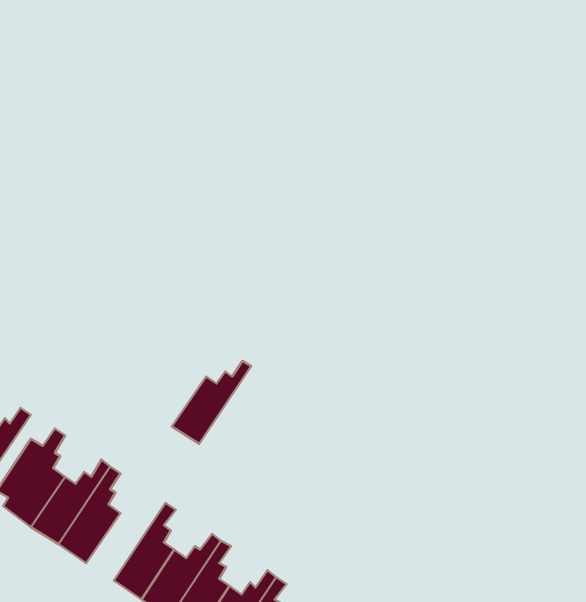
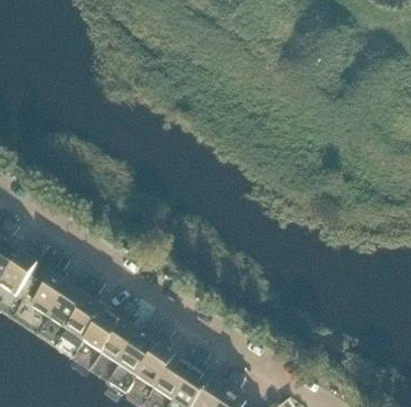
building: [172,361,251,444] -> [81,319,132,372]

